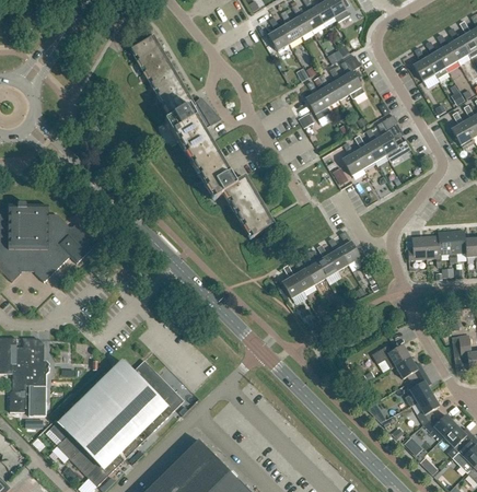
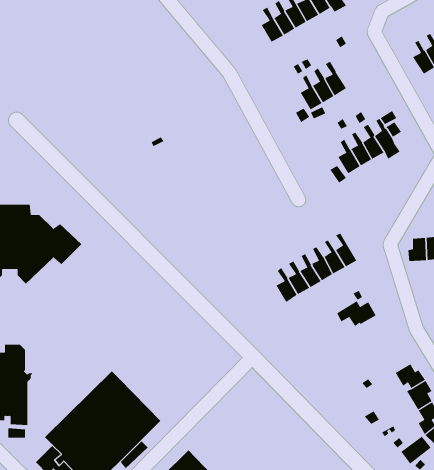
building: [131,37,271,237] -> none
building: [340,56,364,99] -> none
building: [373,342,411,367] -> [336,301,376,327]
building: [133,360,185,411] -> none

